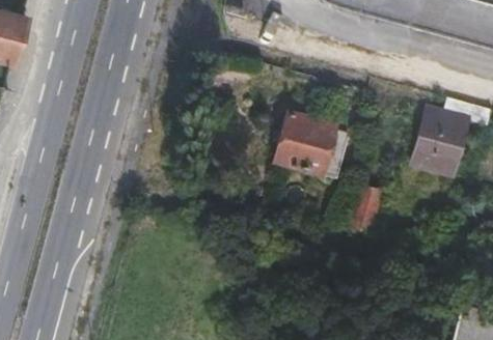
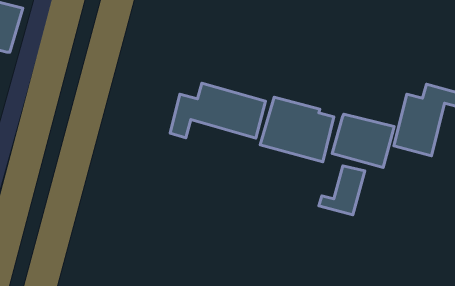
building: none -> [170,83,266,138]
building: none -> [332,114,394,167]

